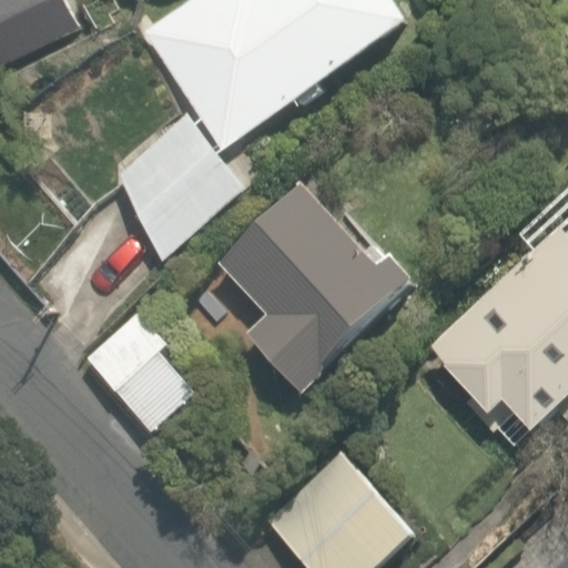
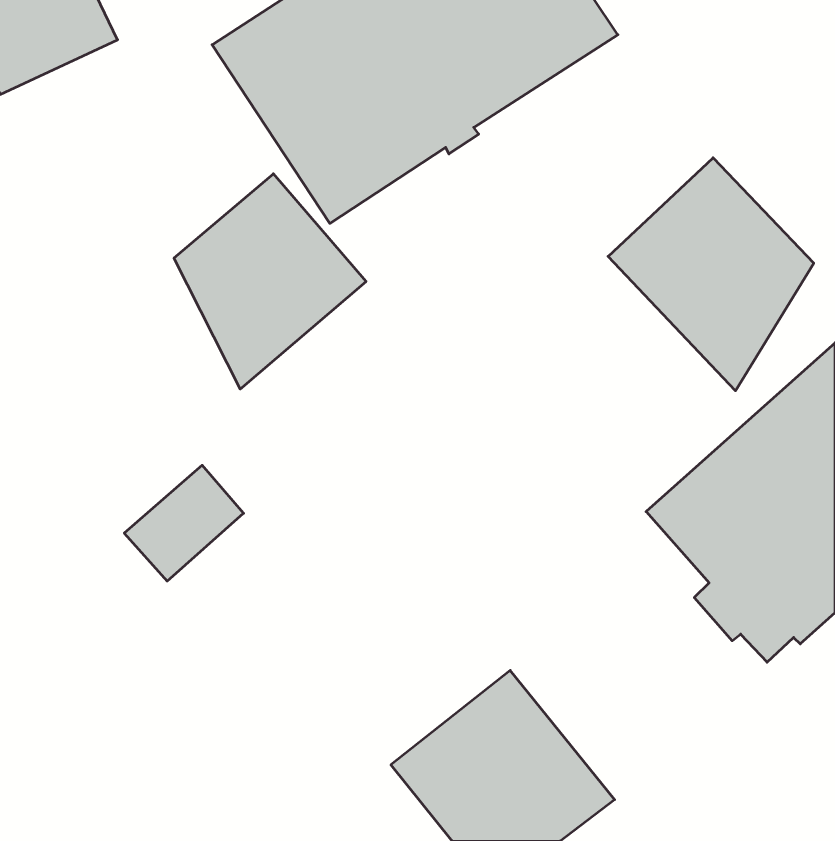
building: none -> [608,158,814,391]
building: [219,182,416,394] -> none

